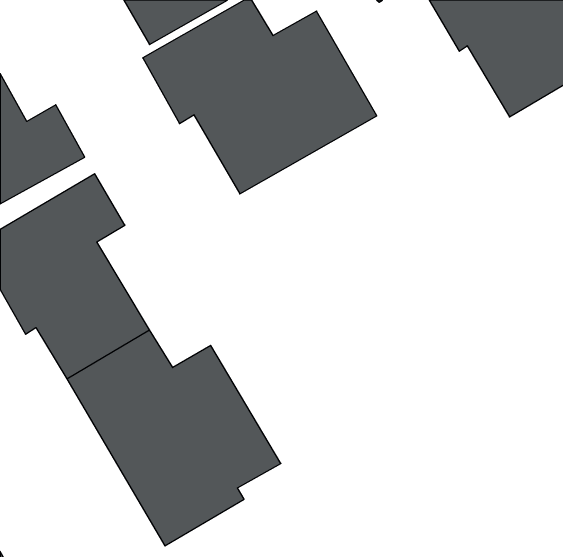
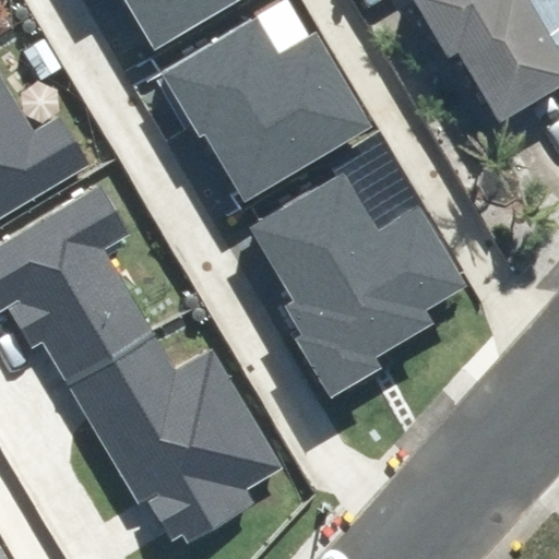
building: none -> [243,166,453,391]

